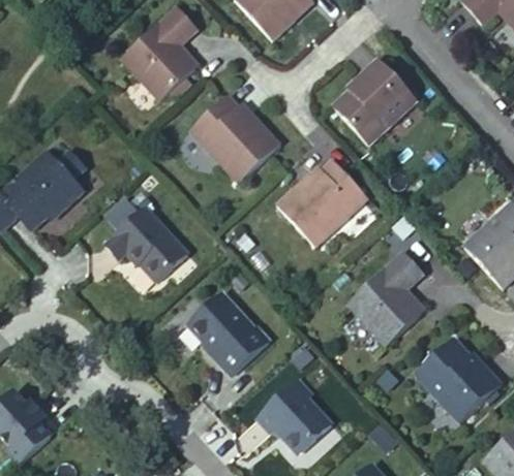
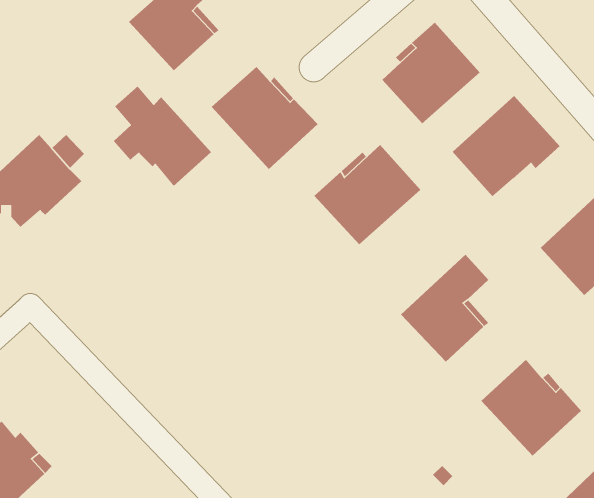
building: none -> [452,95,561,197]
building: [108,198,190,283] -> [113,86,212,187]
building: [190,293,271,376] -> none
building: [260,380,334,451] -> none

